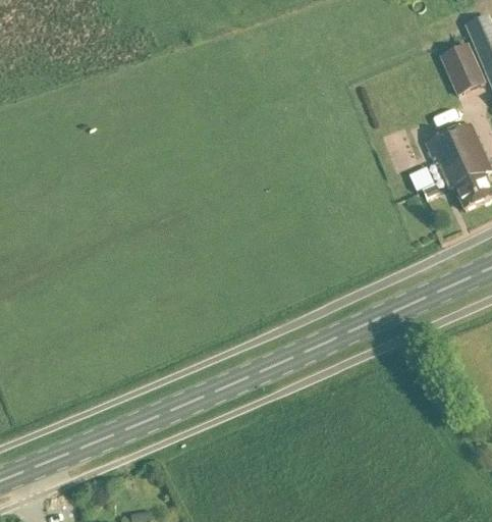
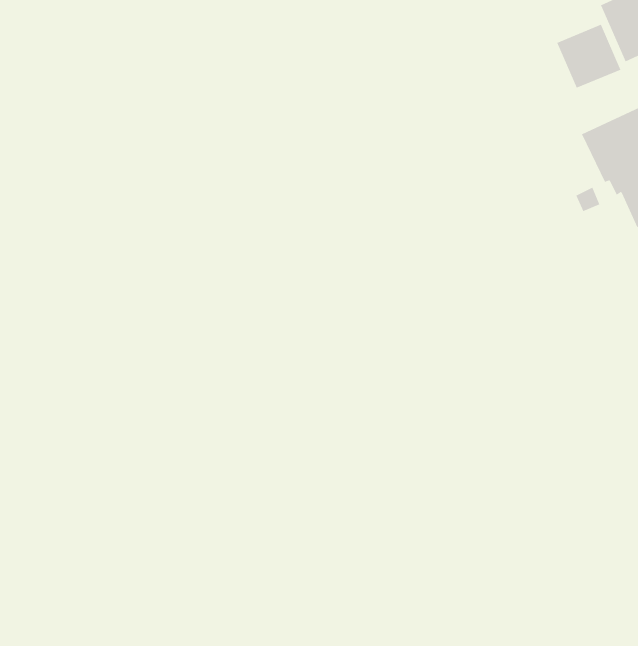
building: none -> [557,24,621,89]

